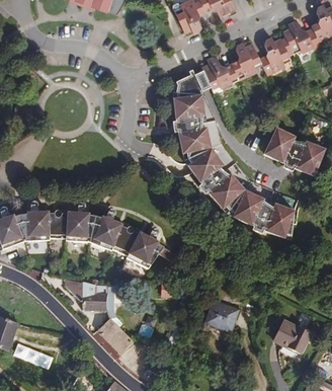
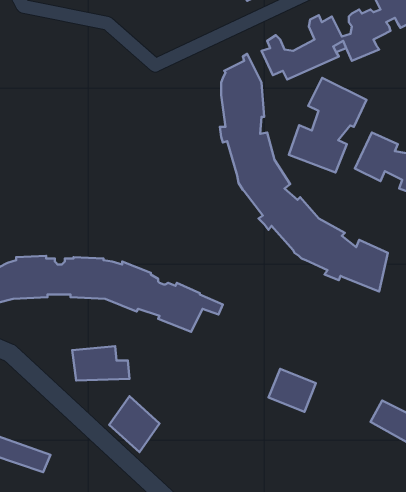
building: none -> [289,78,366,172]

